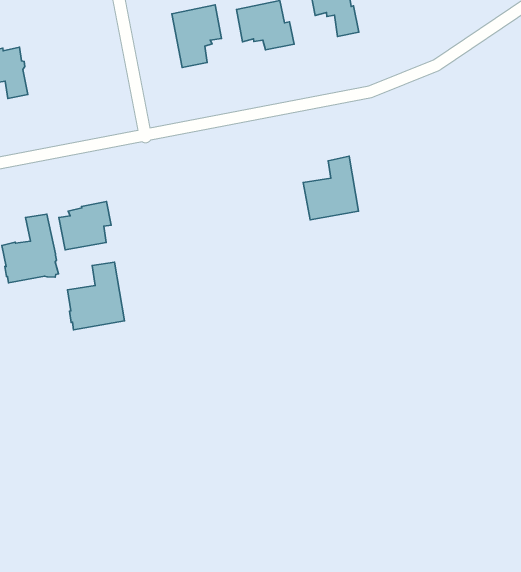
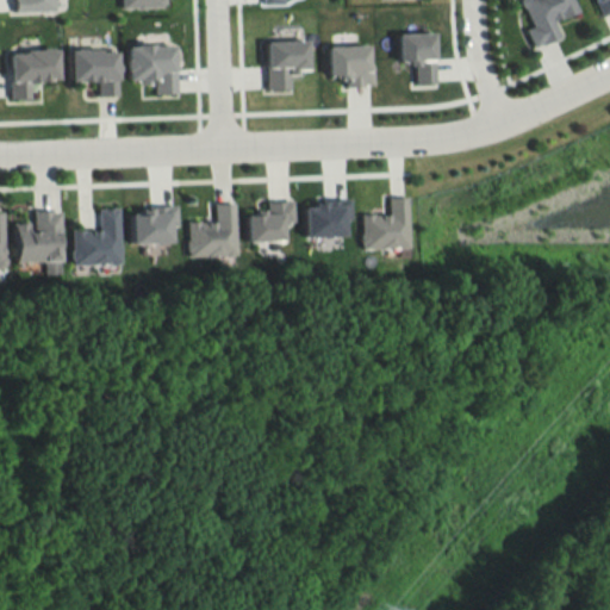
building: none -> [130,43,181,94]
building: none -> [307,199,355,238]
building: none -> [249,204,297,244]
building: [68,262,125,330] -> [191,204,241,261]

